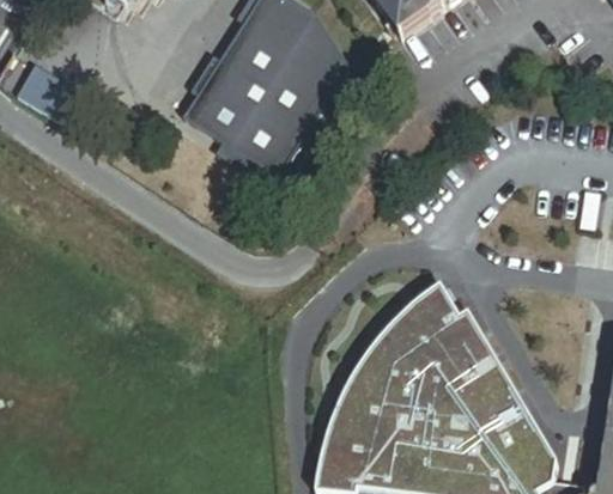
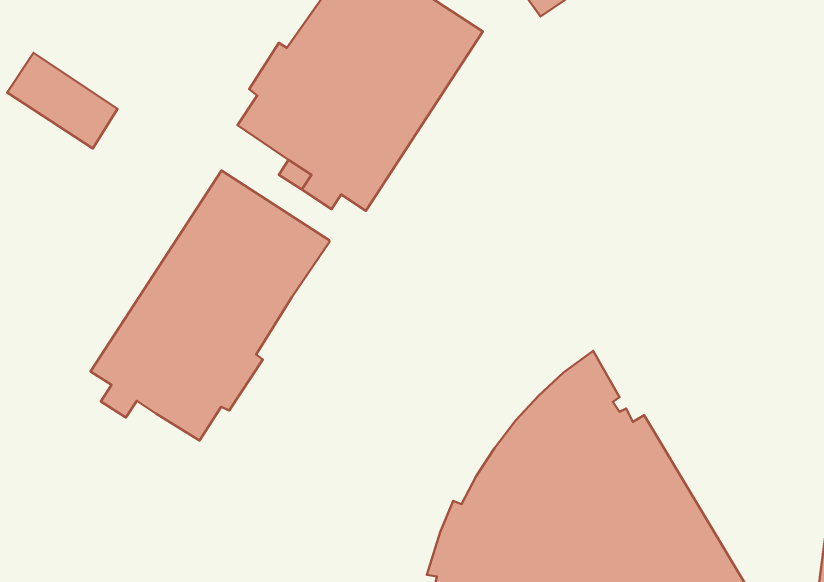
building: none -> [91,171,329,440]

